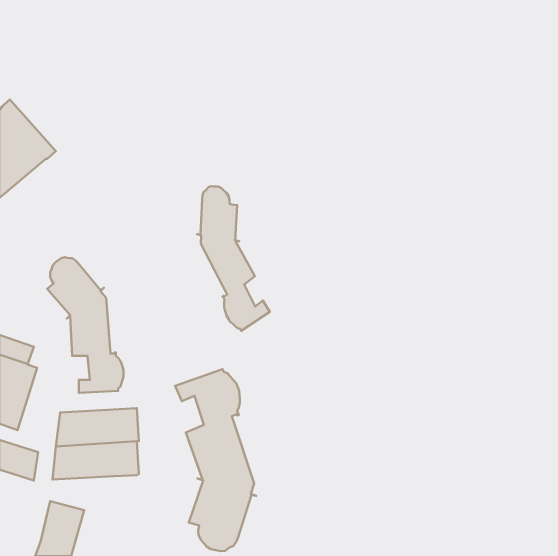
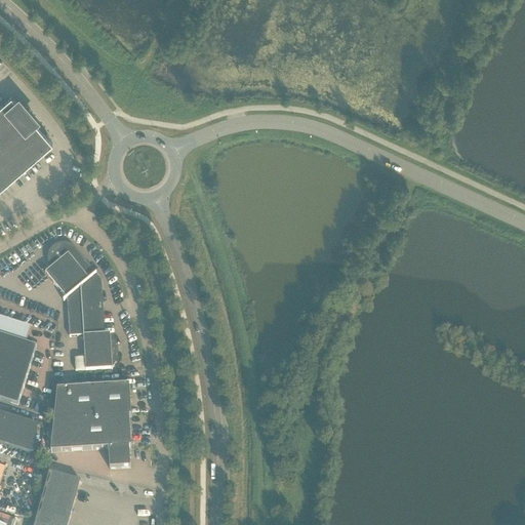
building: [197,186,270,331] -> none
building: [175,369,256,551] -> none
building: none -> [107,445,129,467]

